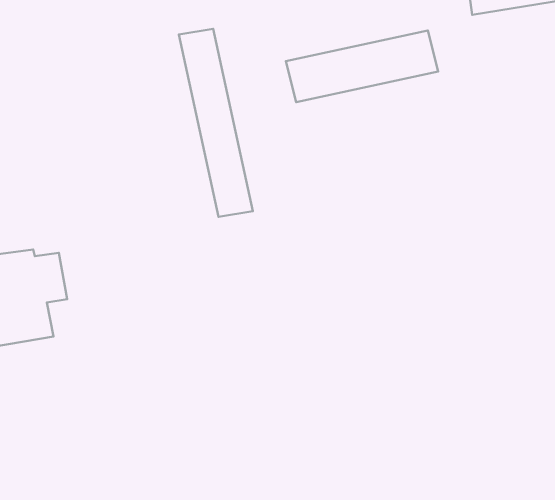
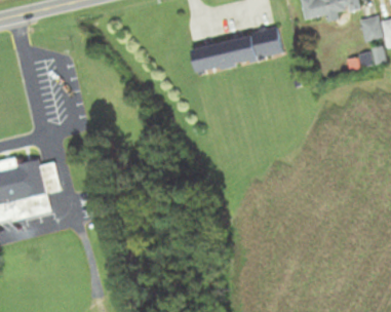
building: [179,29,253,217] -> none

